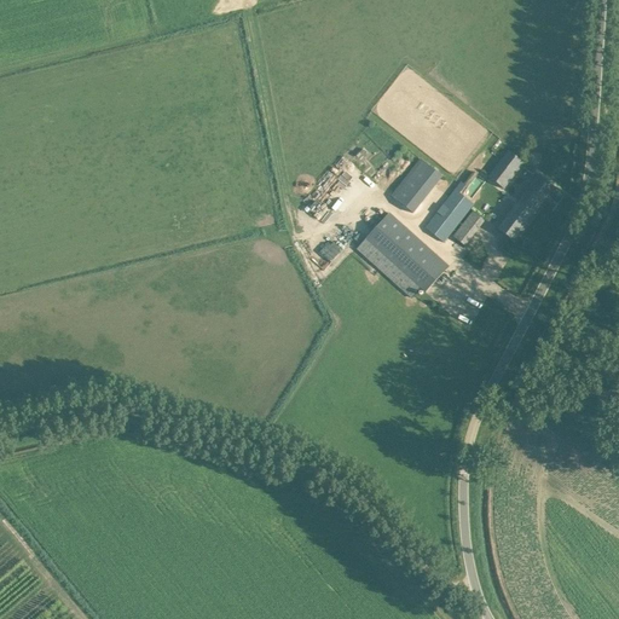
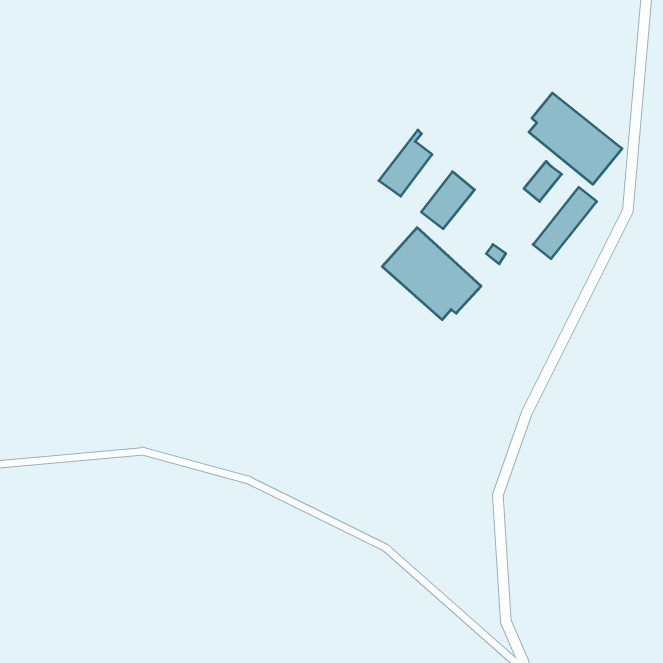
building: none -> [529,93,622,184]
building: [423,180,473,242] -> [379,130,432,196]

